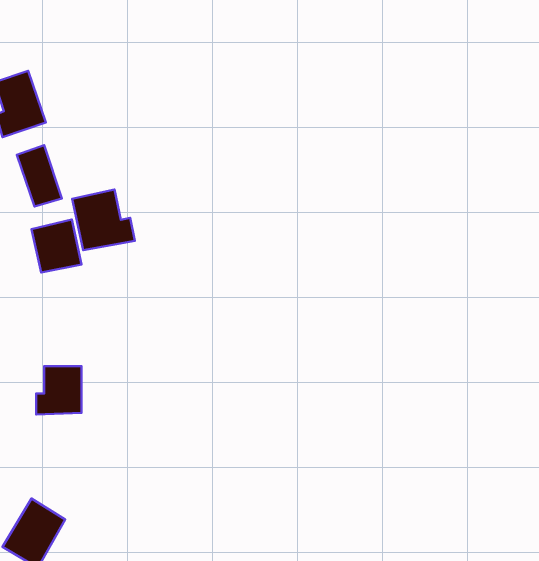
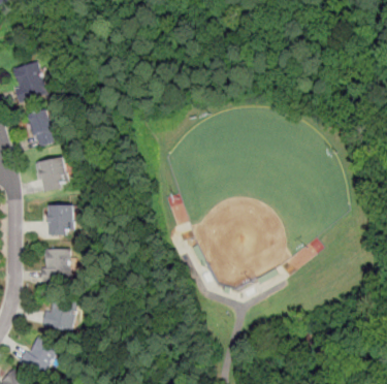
building: [72,190,135,250] -> none
building: none -> [46,203,73,234]
building: none -> [41,295,76,335]

